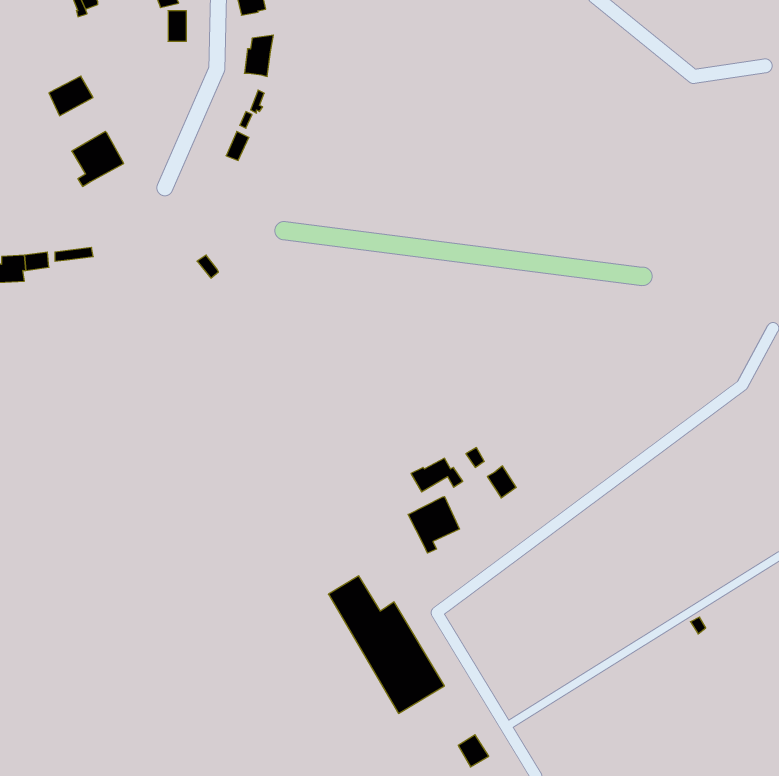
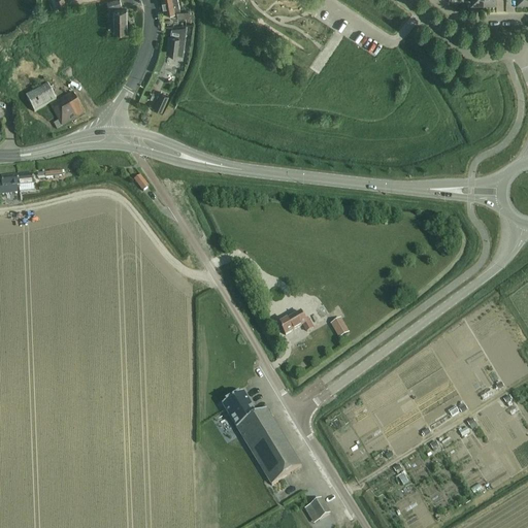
building: [49,76,93,116] -> [26,82,56,109]
building: [408,497,460,553] -> none

